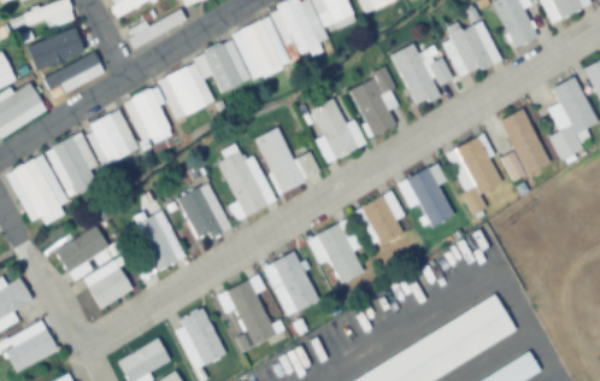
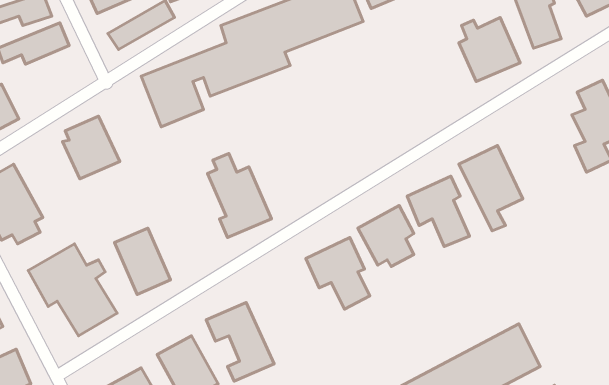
building: [390,43,453,107] -> none
building: [42,52,106,98] -> none
building: [348,70,395,136] -> none
building: [125,88,172,147] -> none
building: [308,98,365,163] -> none
building: [500,109,551,182] -> none
building: [254,127,320,195] -> none
building: [46,133,95,195] -> none
building: [177,183,229,242] -> none
building: [264,252,317,316] -> none

